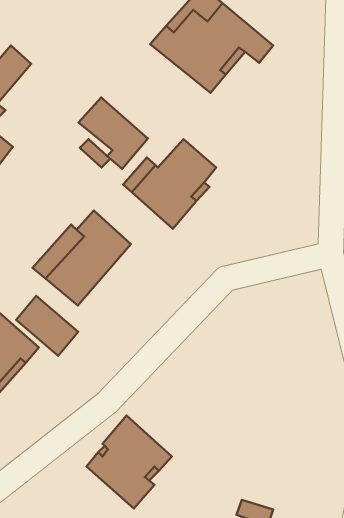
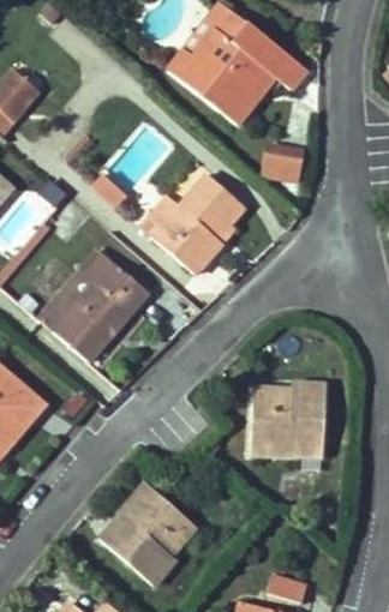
building: [78,97,148,169] -> none
building: none -> [261,138,305,180]
building: [16,296,78,356] -> none
building: none -> [250,382,327,456]

